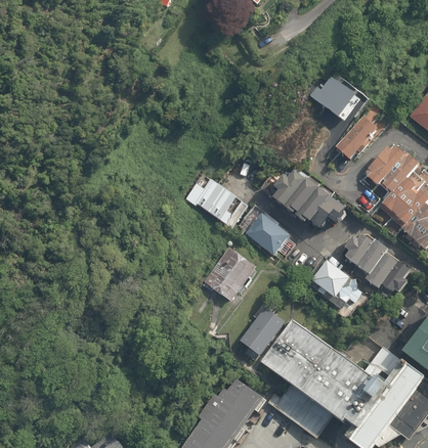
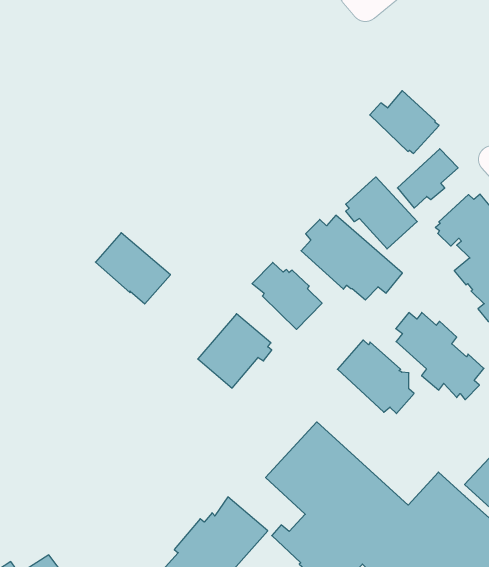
building: none -> [346,177,417,249]
building: [194,178,248,227] -> [95,233,170,304]
building: [240,306,284,353] -> none

